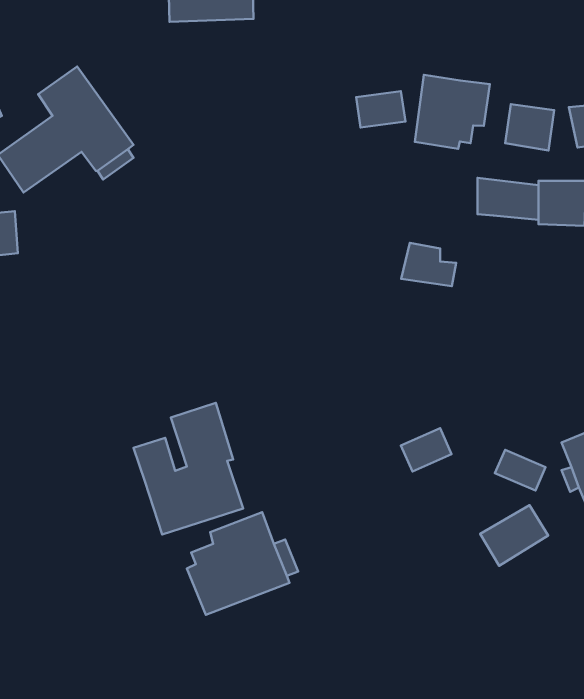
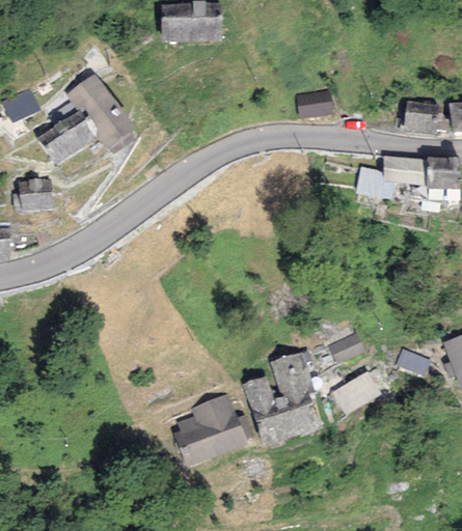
building: [415,75,490,149] -> none
building: [401,243,456,286] -> [355,166,395,197]
building: [133,403,243,535] -> [243,351,322,445]
building: [480,505,548,566] -> [332,371,381,415]

